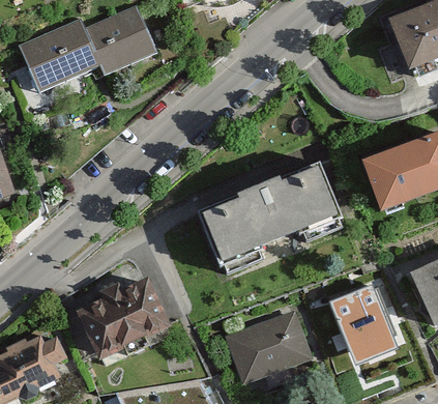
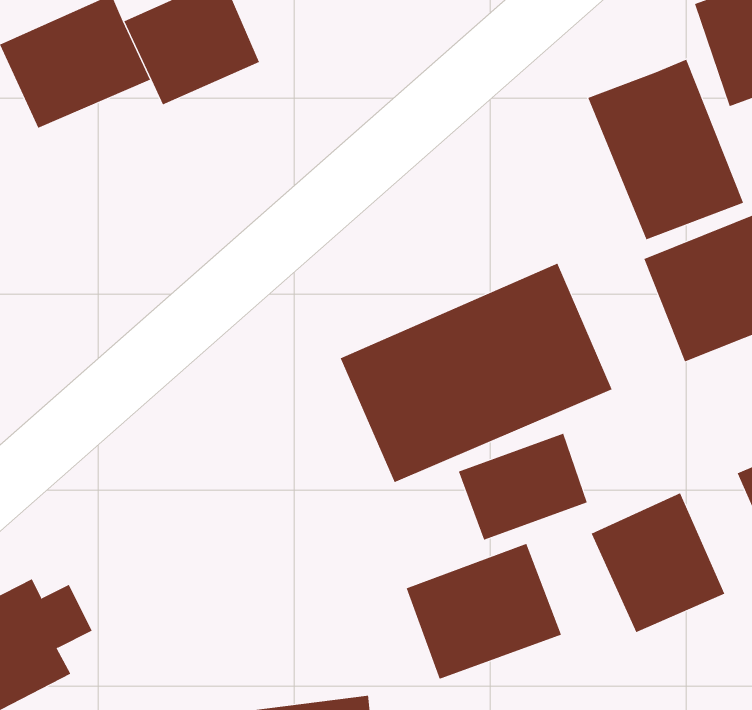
building: none -> [587,59,744,240]
building: none -> [458,433,588,540]
building: [76,267,169,351] -> none

